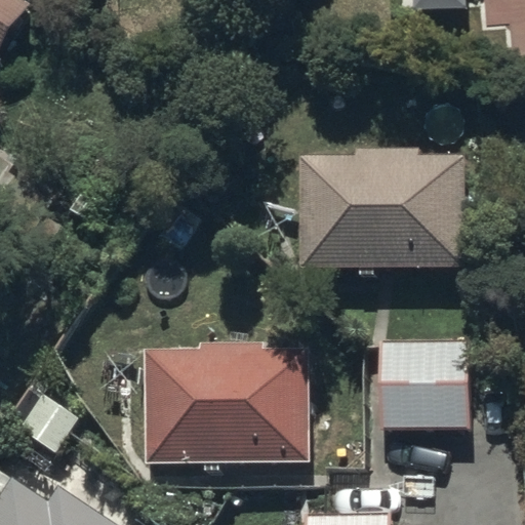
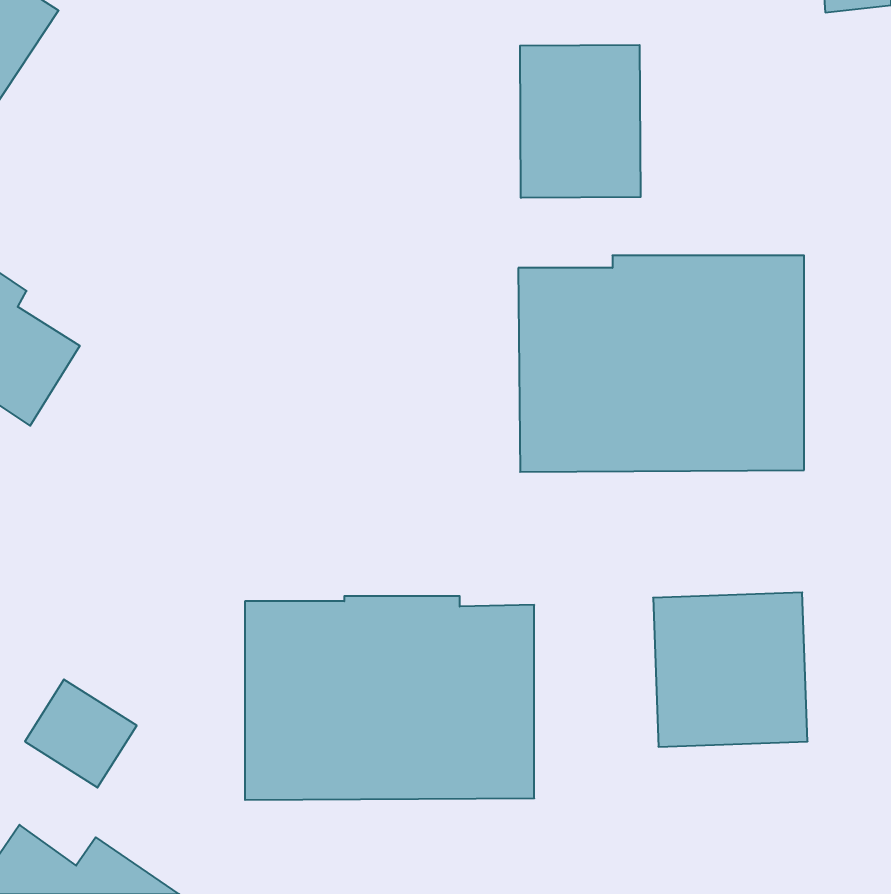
building: none -> [520,45,641,198]

